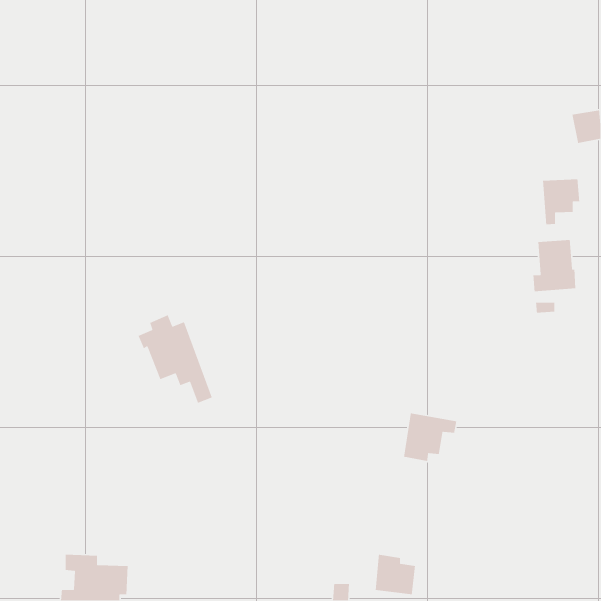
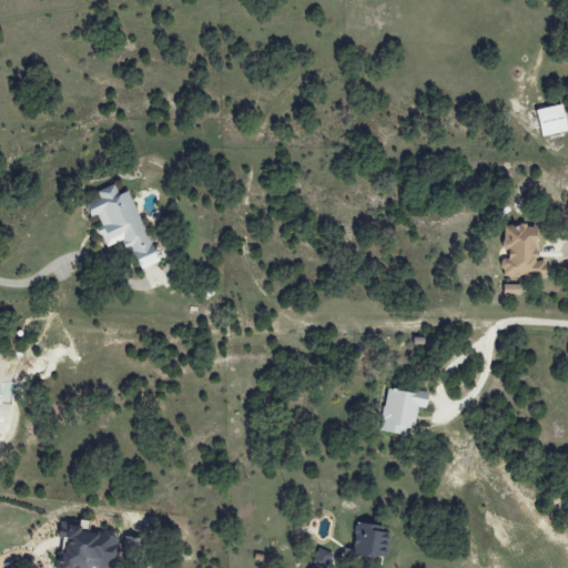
building: [542,178,580,225] -> none
building: [138,314,213,404] -> [88,183,159,267]

